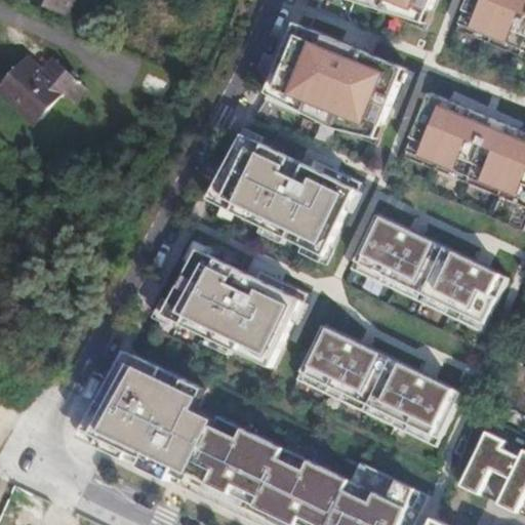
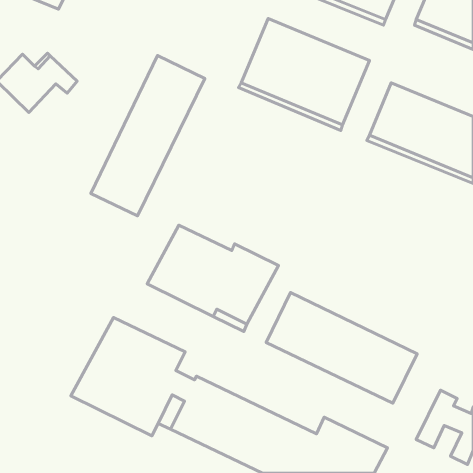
building: none -> [91,55,205,216]
building: [207,133,361,255] -> none
building: [351,212,508,331] -> none

